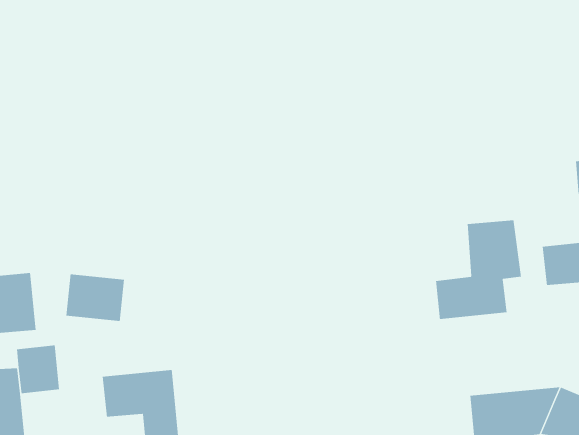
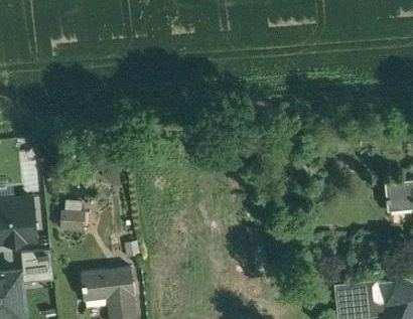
building: [436,219,522,320] -> none

